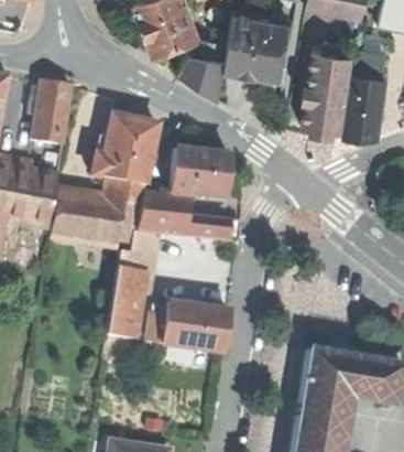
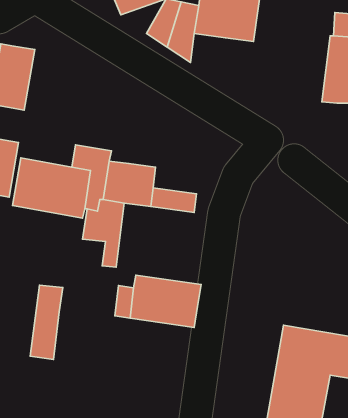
building: [304,51,350,131] -> none
building: [91,116,156,183] -> none
building: [170,148,230,203] -> none
building: [109,267,140,337] -> [30,285,63,360]

